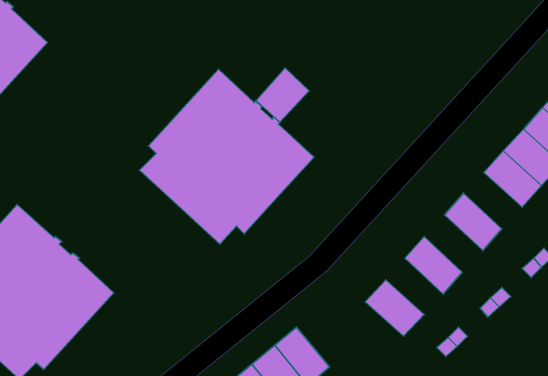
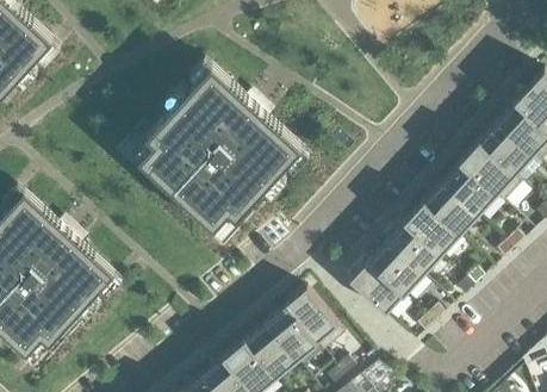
building: [256,68,309,122] -> none
building: none -> [441,162,496,214]
building: none -> [404,201,459,255]
building: none -> [368,242,422,294]
building: none -> [285,288,337,343]

